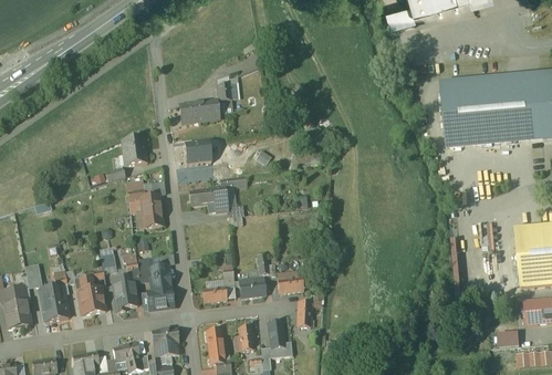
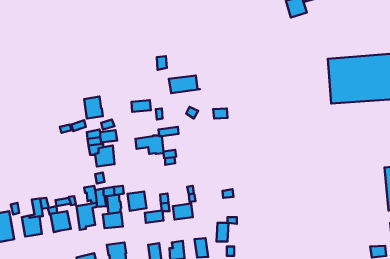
building: [179,100,220,123] -> [169,76,200,93]
building: none -> [127,191,147,211]
building: [278,271,303,293] -> none

